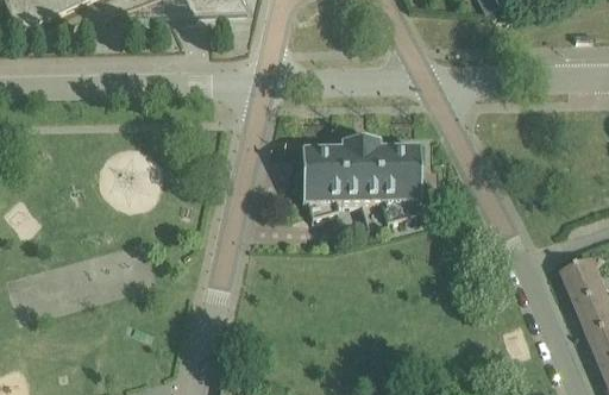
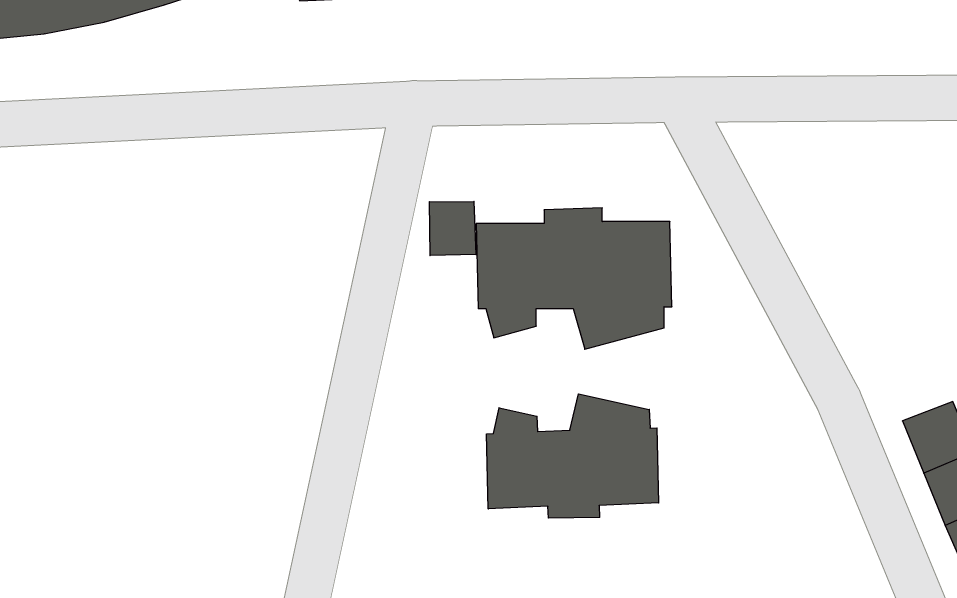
building: none -> [429,201,476,256]
building: none -> [487,394,659,518]

